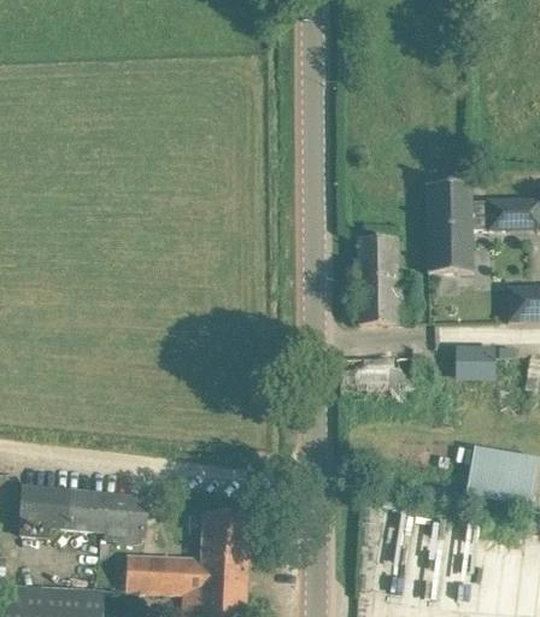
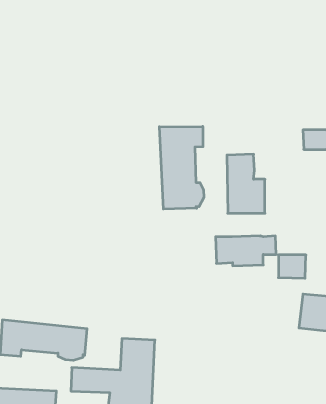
building: [428,184,472,274] -> none
building: none -> [159,126,204,209]
building: [454,343,495,378] -> [278,255,306,278]

